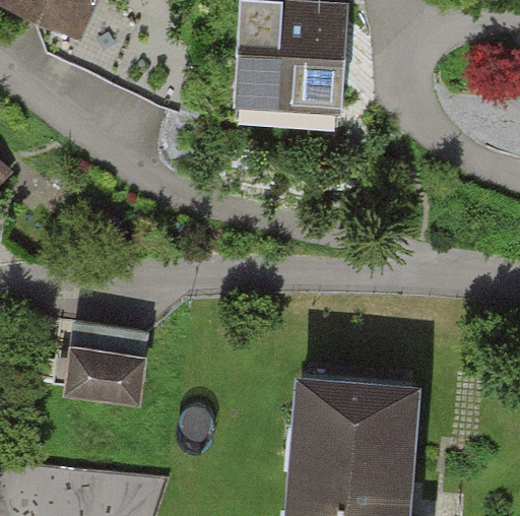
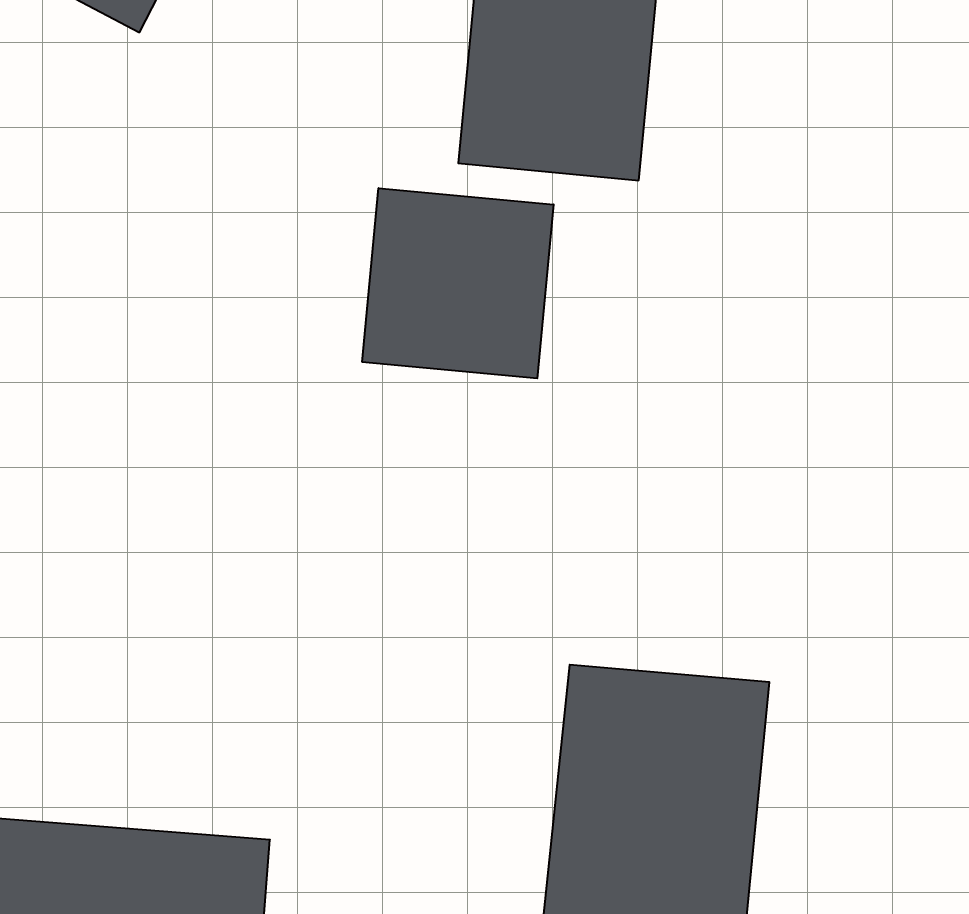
building: none -> [362,188,554,378]
building: [59,342,138,402] -> none

